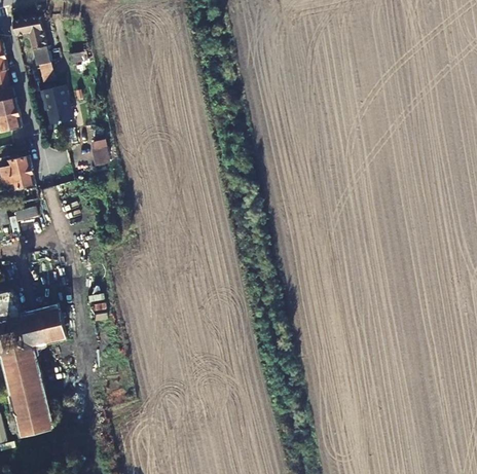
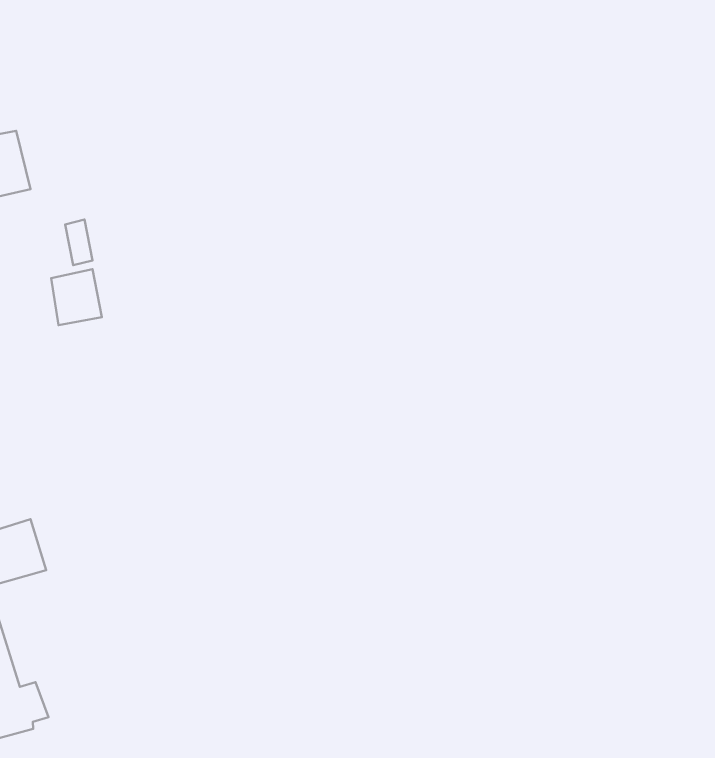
building: none -> [51,269,102,325]

